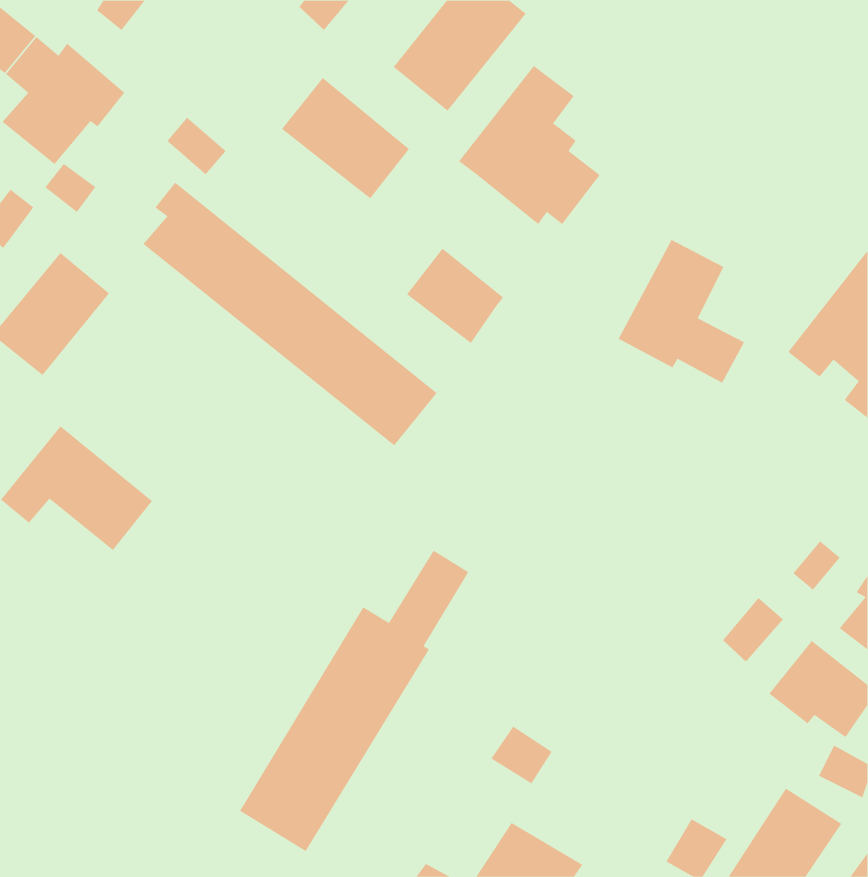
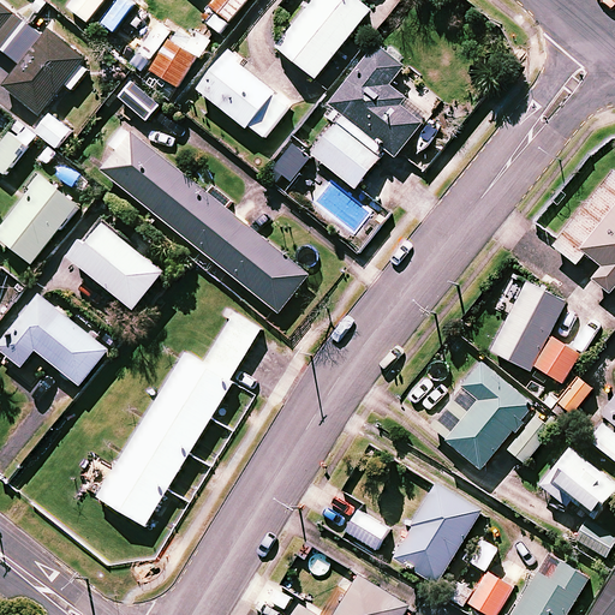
building: none -> [149,41,197,89]
building: [618,239,745,383] -> [489,281,578,382]
building: [406,248,504,344] -> [309,123,377,190]
building: none -> [72,221,166,310]
building: none -> [428,362,533,468]
building: [239,550,469,852] -> [97,314,258,525]
building: none -> [392,482,480,583]

